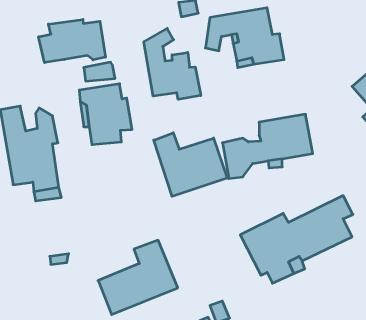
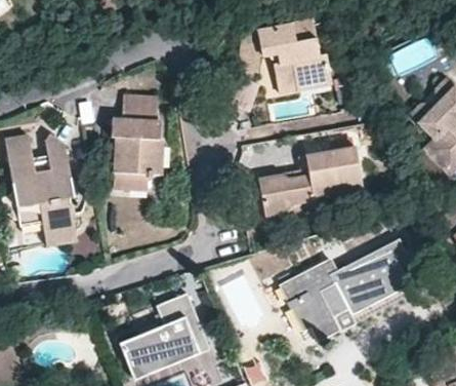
building: [39,19,105,63] -> none
building: [144,28,201,99] -> none
building: [154,133,227,196] -> none

